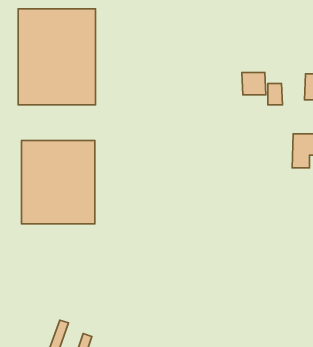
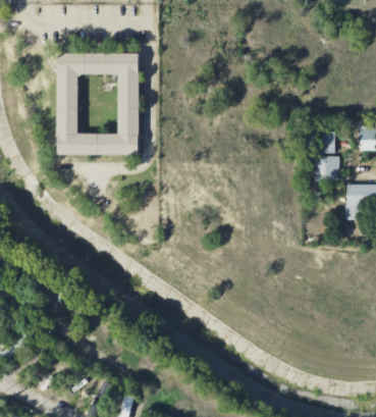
building: [242,72,266,95] -> [314,158,339,181]
building: [21,141,95,224] -> none

